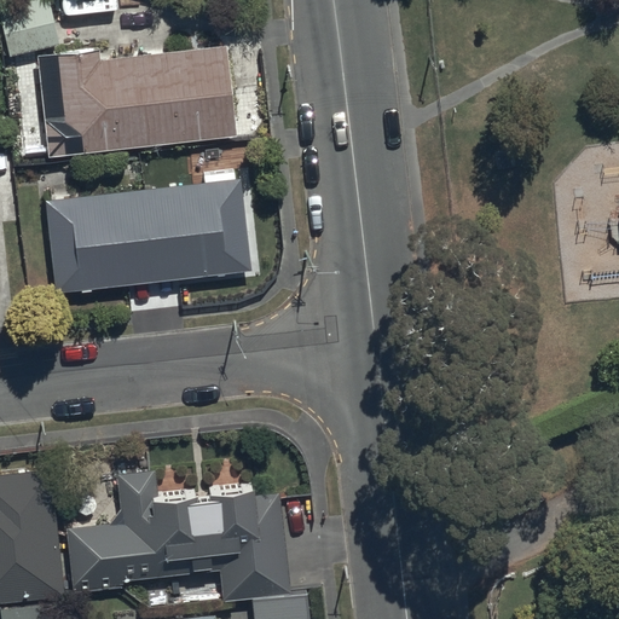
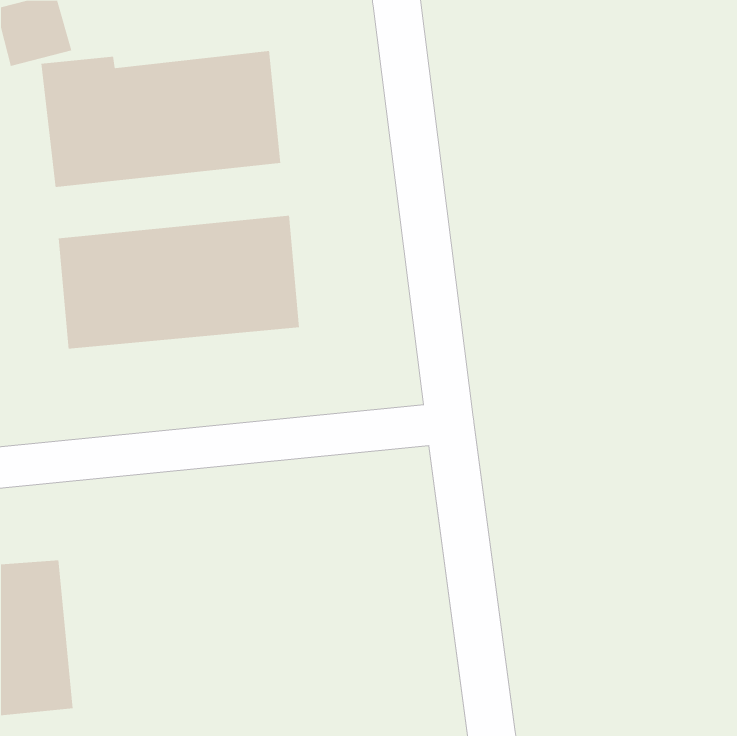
building: [65,472,287,597] -> none

